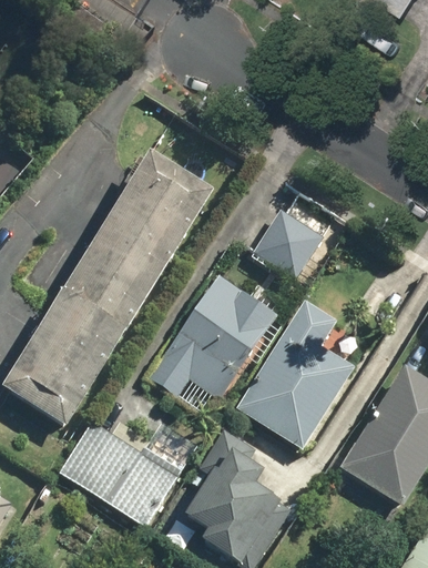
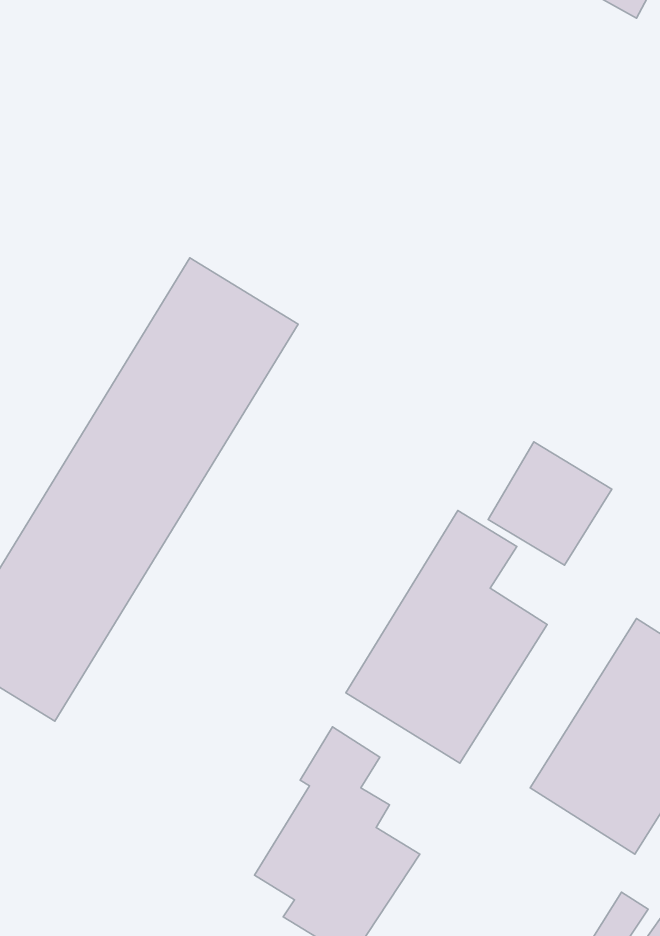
building: [252,206,324,278] -> [488,442,612,565]
building: [149,273,276,398] -> none
building: [58,418,176,525] -> none

